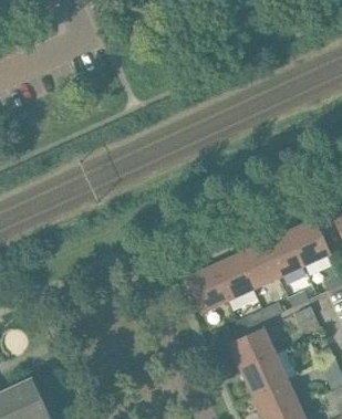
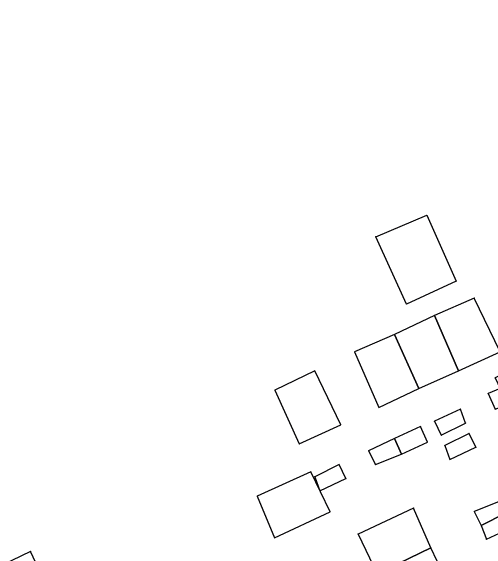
building: none -> [376,215,456,304]
building: [213,254,253,301] -> none
building: [229,328,276,370] -> [257,472,330,538]

